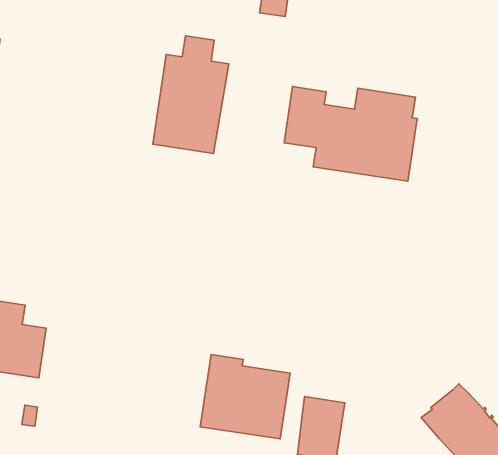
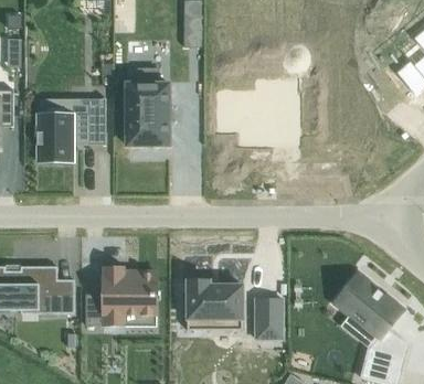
building: none -> [36,105,105,161]
building: none -> [85,266,156,326]

